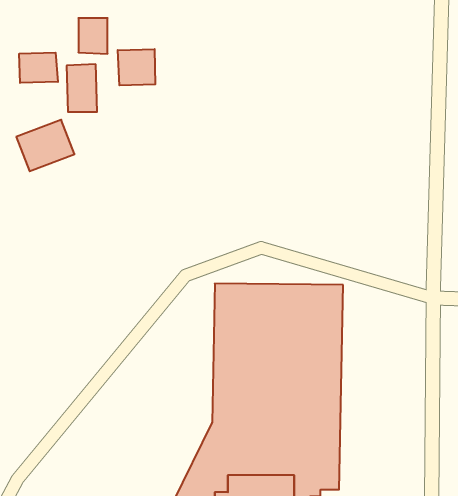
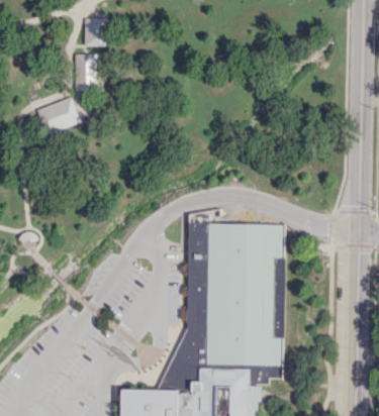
building: [118,49,155,85] -> none
building: [19,53,58,83] -> none

